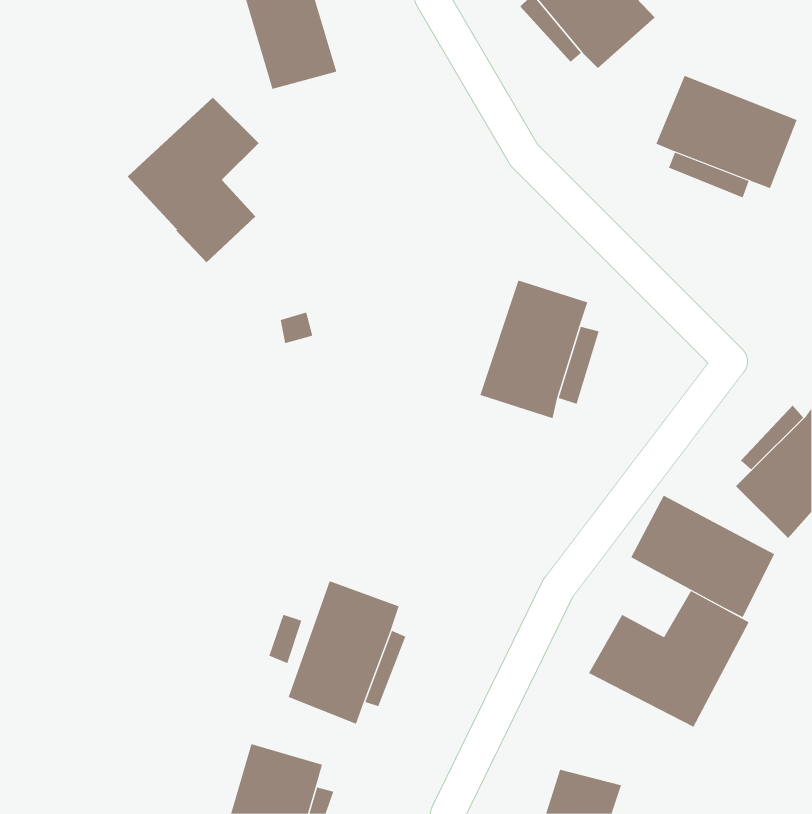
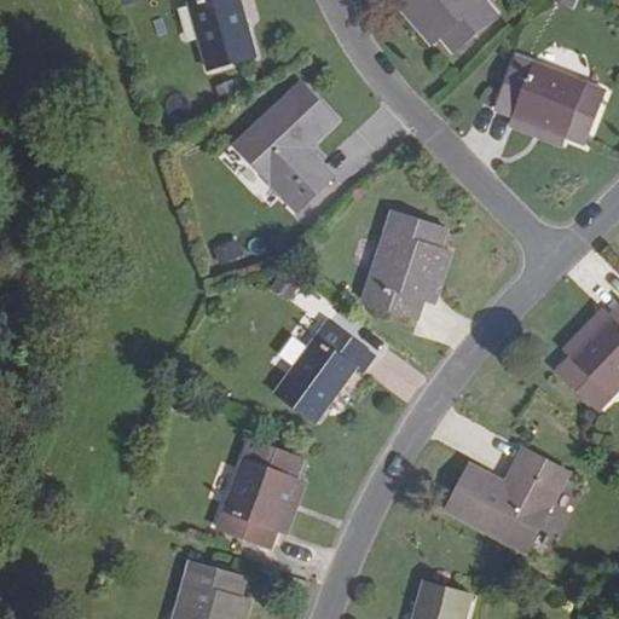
building: [127,97,259,263] -> [235,85,335,210]
building: none -> [276,322,374,421]
building: [630,495,775,618] -> none

